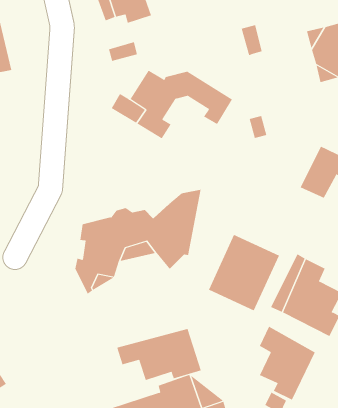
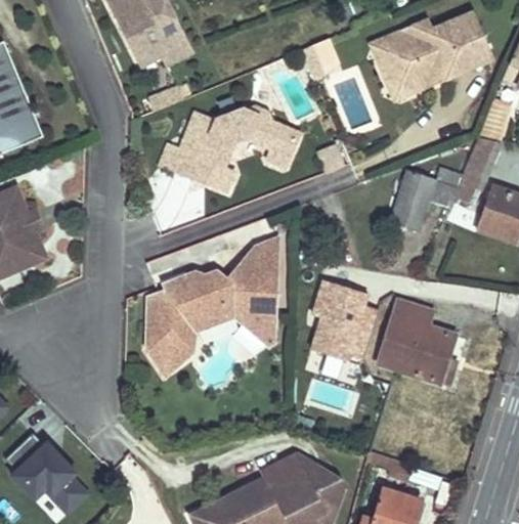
building: [259,326,316,401] -> none
building: [116,328,201,381] -> none

